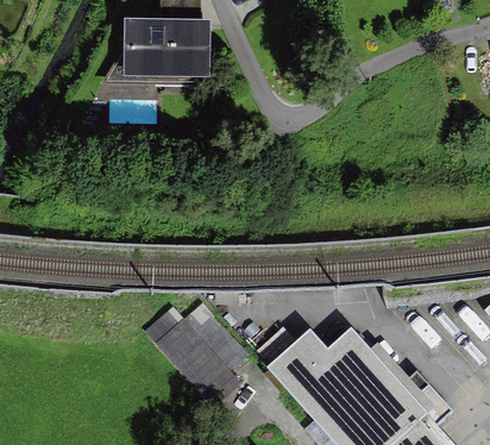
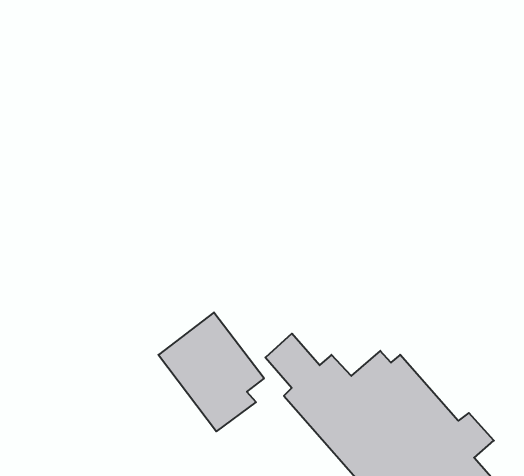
building: [119,23,209,82] -> none

